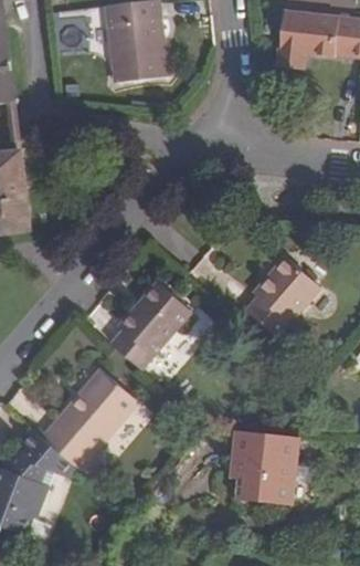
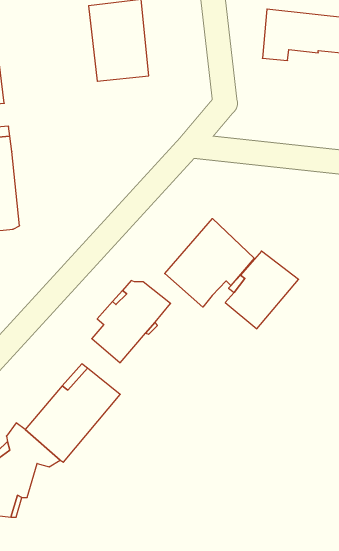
building: none -> [165,219,254,307]
building: [232,431,296,506] -> none

